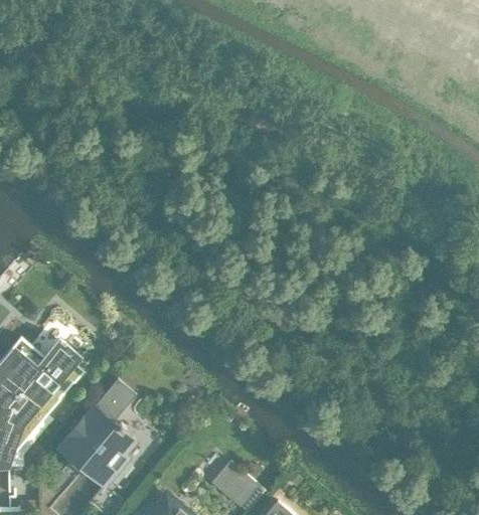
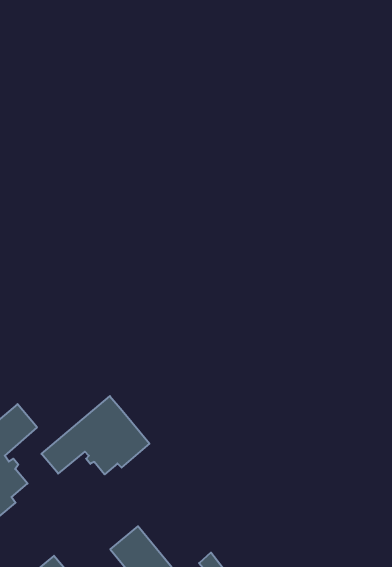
building: none -> [41,396,149,474]

